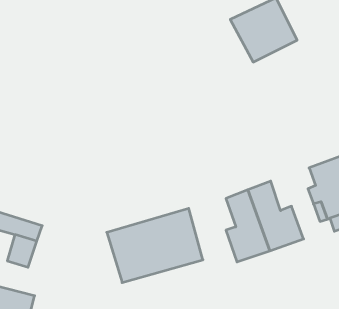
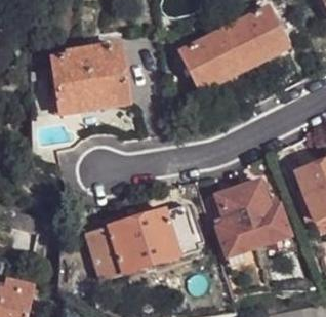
building: none -> [178,28,242,90]
building: none -> [51,46,127,114]
building: none -> [81,228,119,282]

